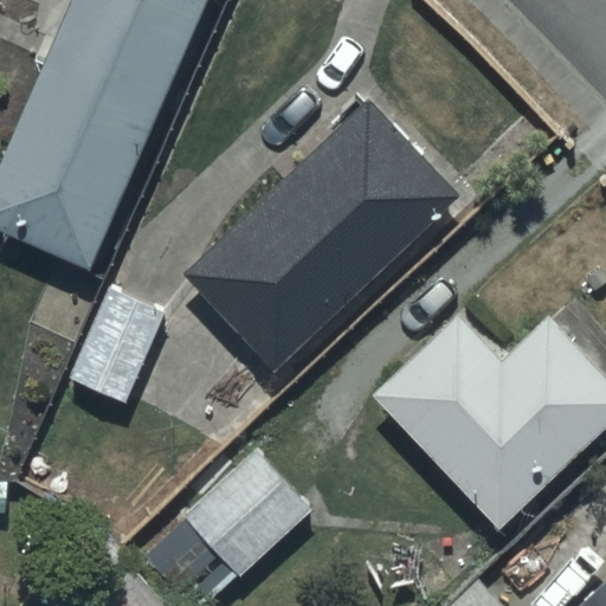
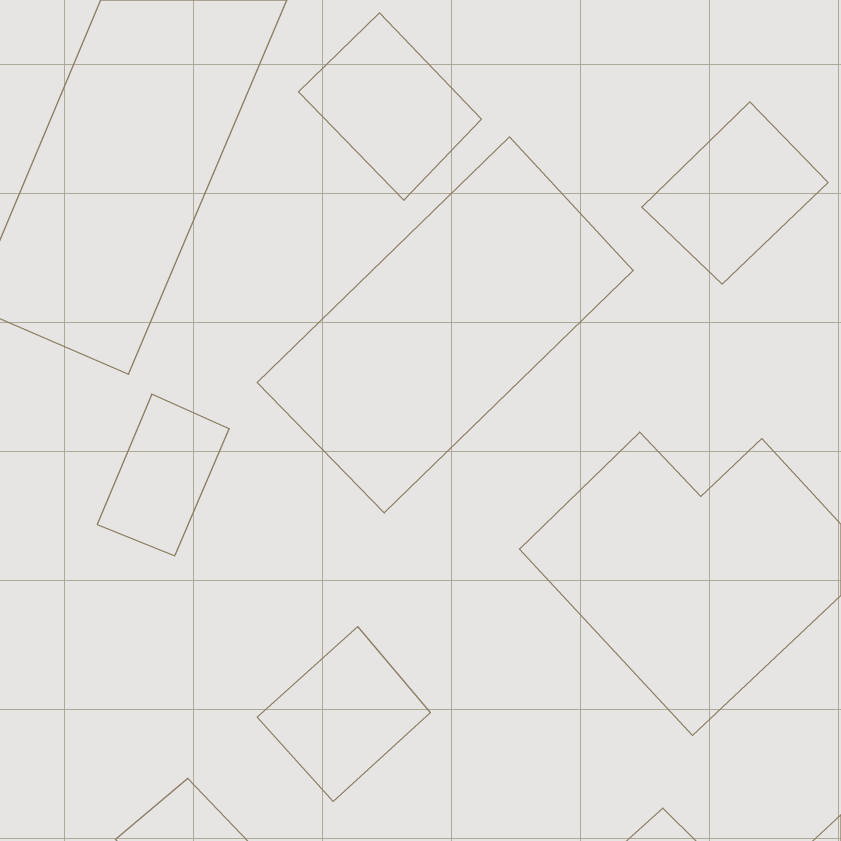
building: none -> [298,13,481,200]
building: none -> [642,102,828,284]

